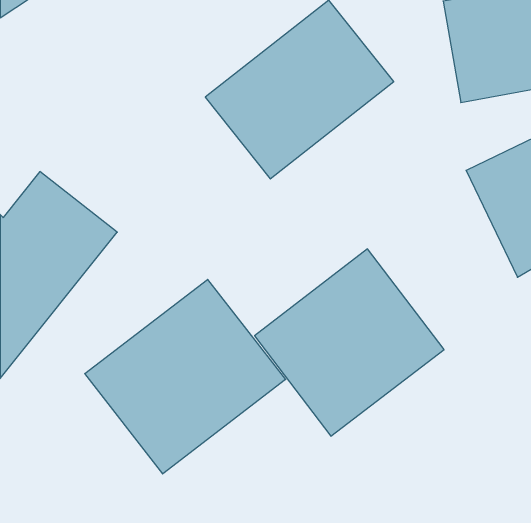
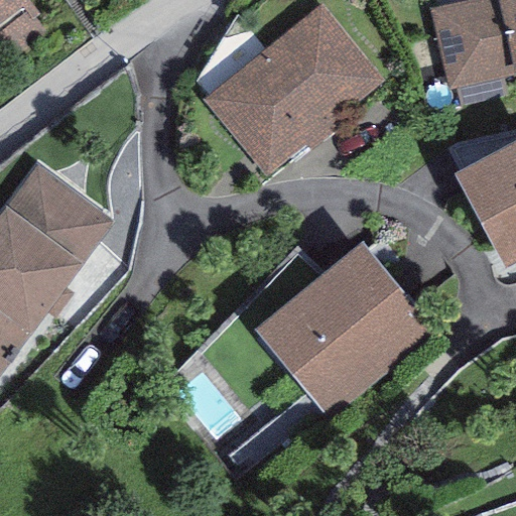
building: [85,279,286,474] -> none

